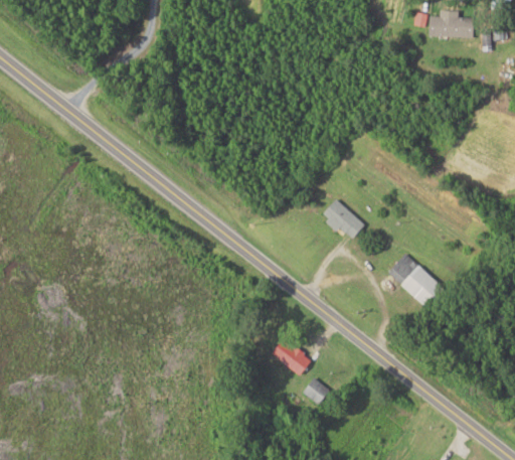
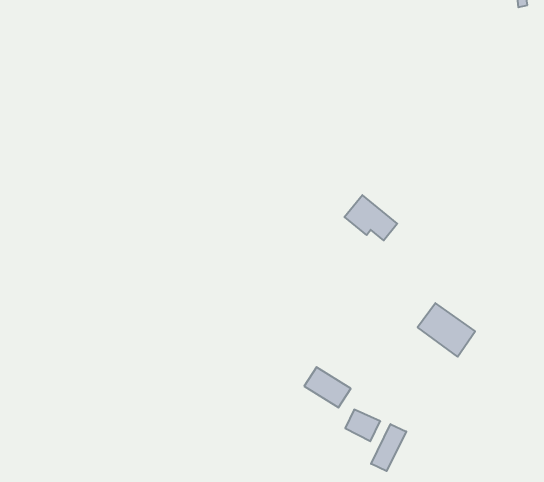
building: [390,254,439,301] -> [418,303,475,357]
building: none -> [371,424,406,471]

